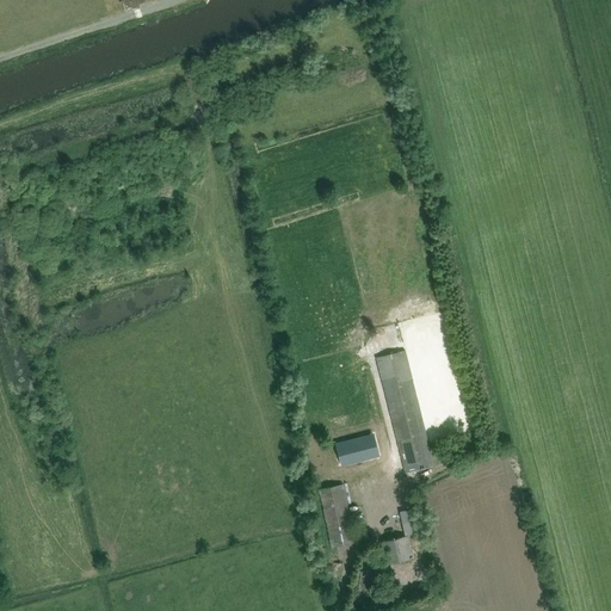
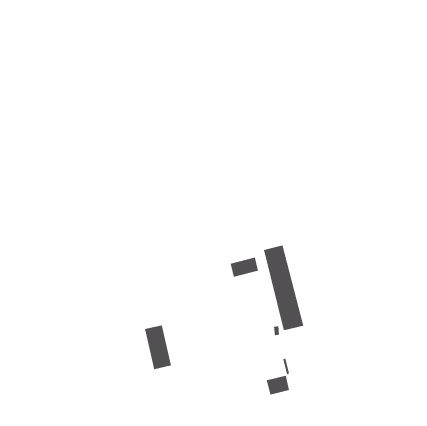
building: [337,436,378,465] -> [230,257,259,278]
building: [317,485,357,549] -> [144,325,172,370]

